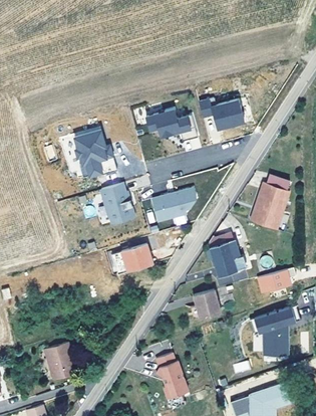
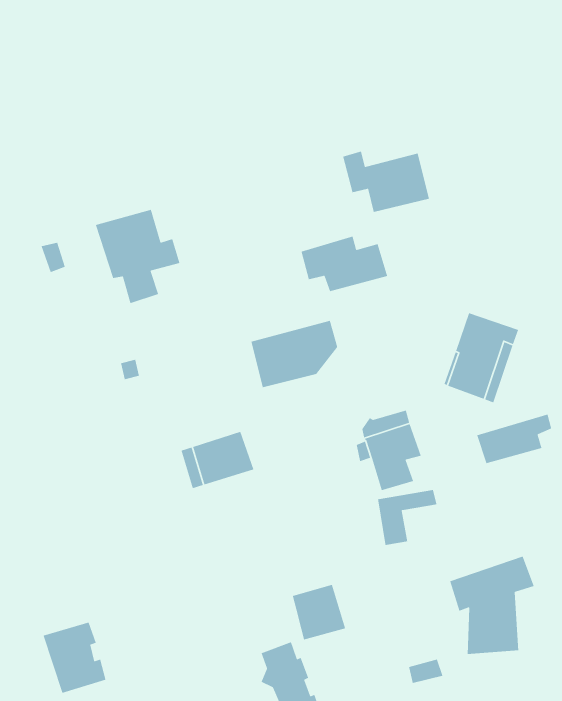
building: [145,108,191,137] -> [300,236,388,292]
building: [100,182,133,222] -> none
building: [257,266,296,292] -> [476,413,552,464]
building: [193,288,221,318] -> [292,584,346,640]

